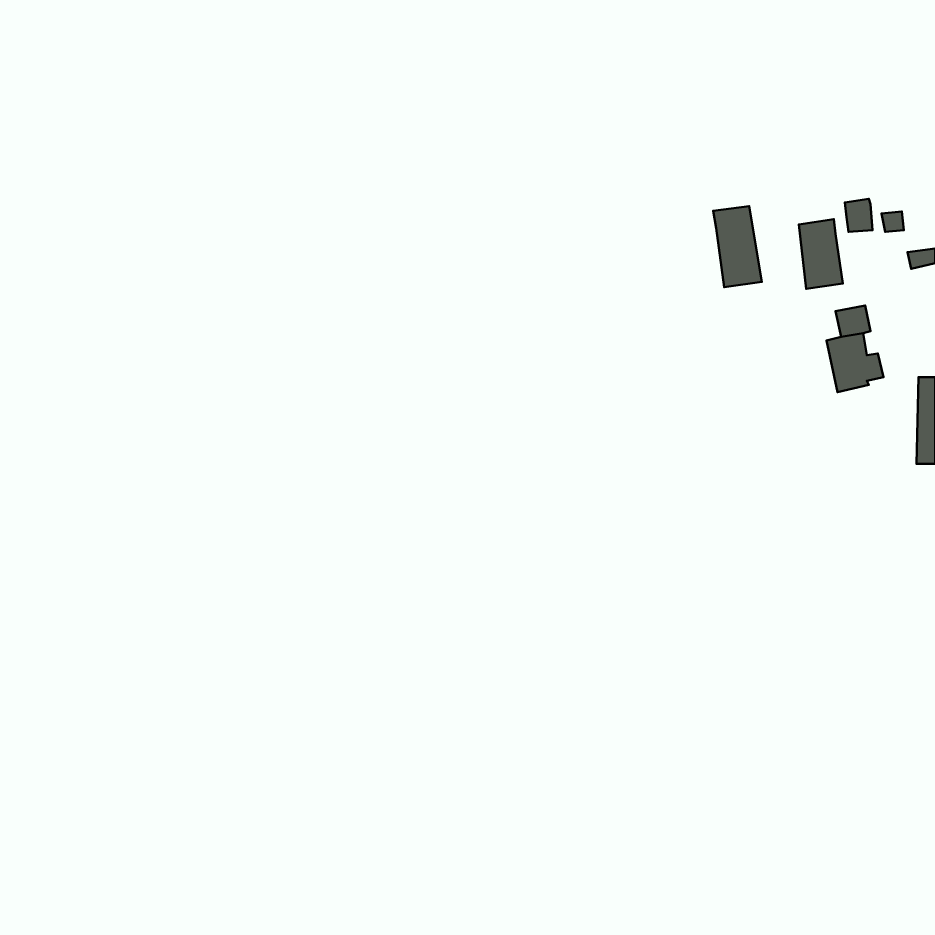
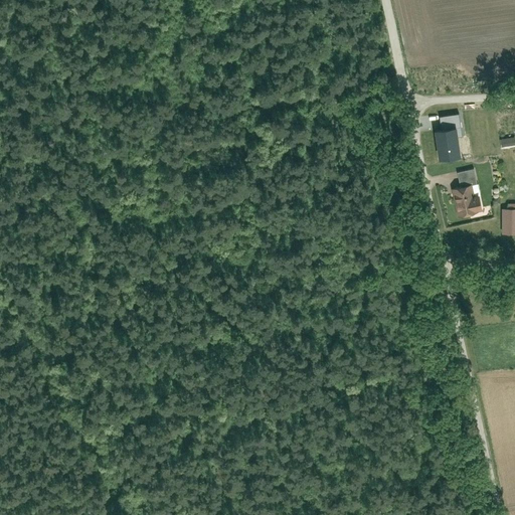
building: [713,206,762,287] -> none

